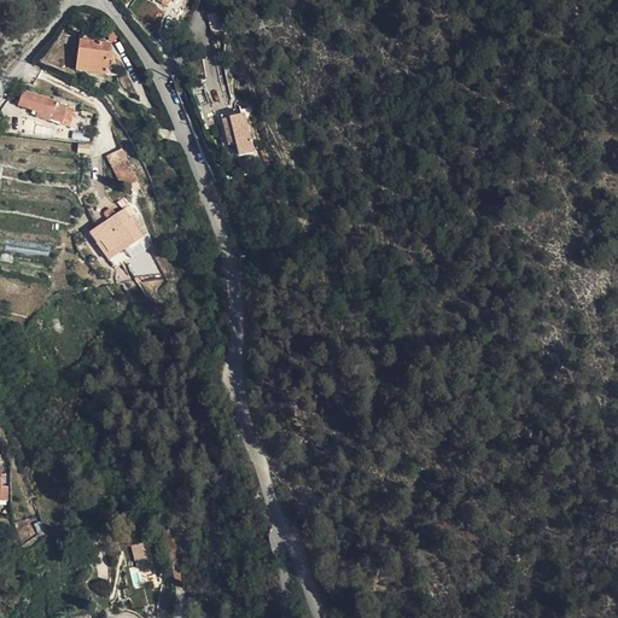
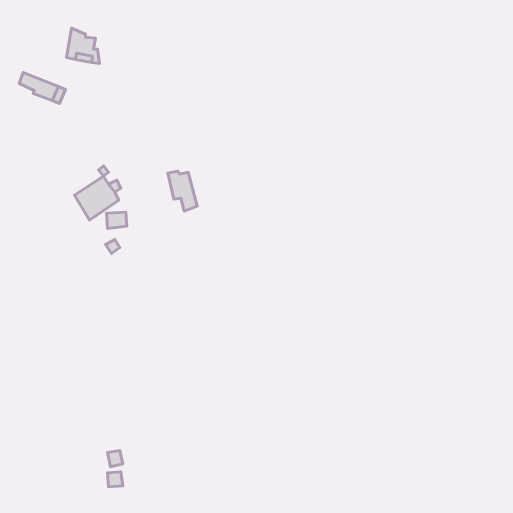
building: [216,113,251,162] -> [168,171,197,211]
building: [105,146,136,185] -> none

